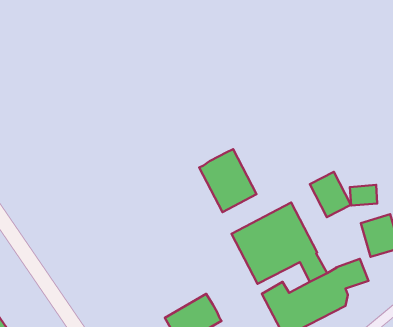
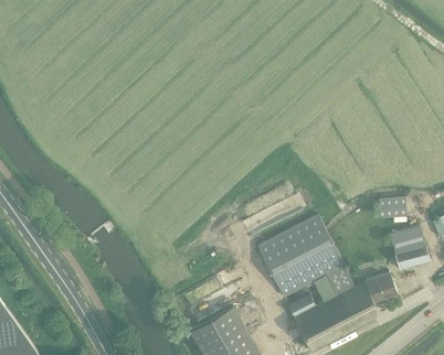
building: [199,149,257,212] -> none
building: [310,172,351,217] -> none

